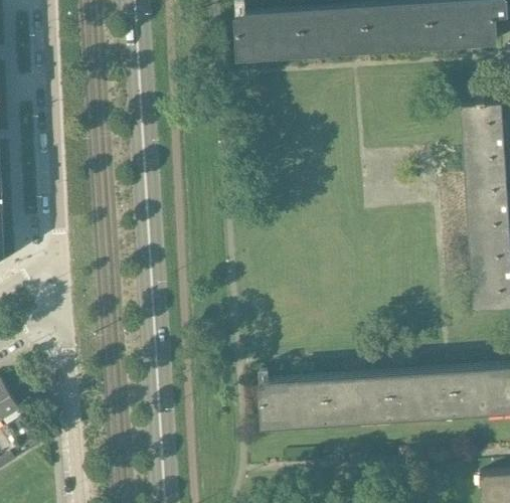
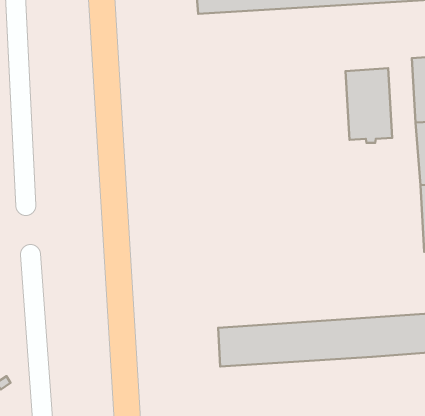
building: none -> [345,68,392,143]

